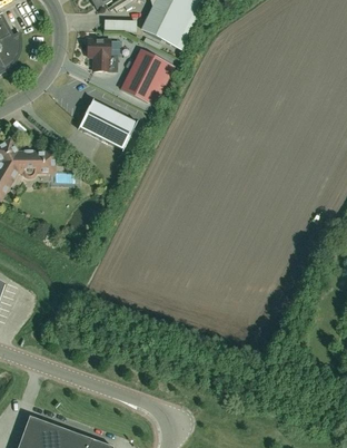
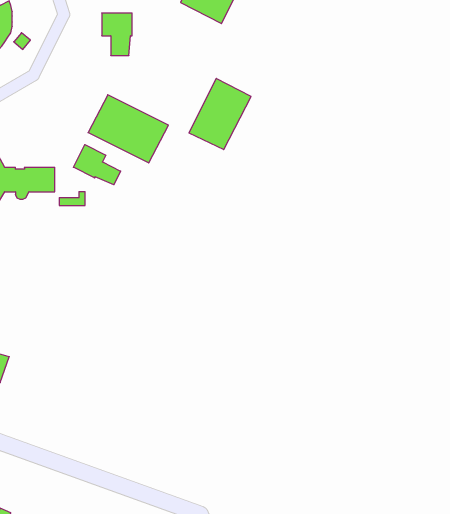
building: [122,49,168,101] -> [189,78,251,150]
building: none -> [73,145,121,185]

